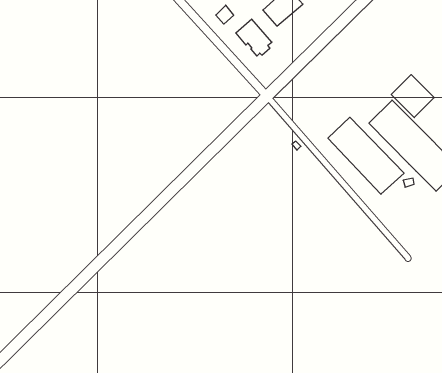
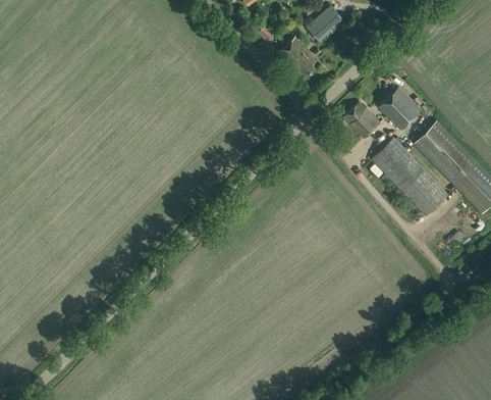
building: [391,75,434,118] -> [378,88,422,132]
building: none -> [342,100,378,137]

